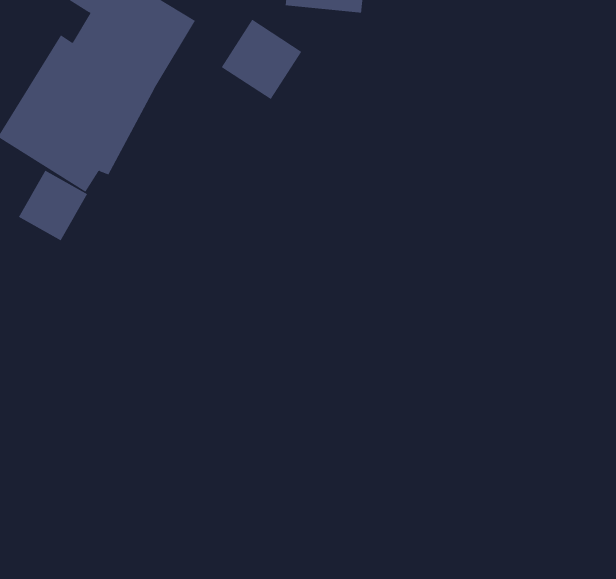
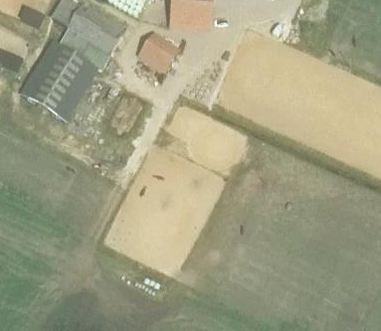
building: [18,170,88,241] -> none

